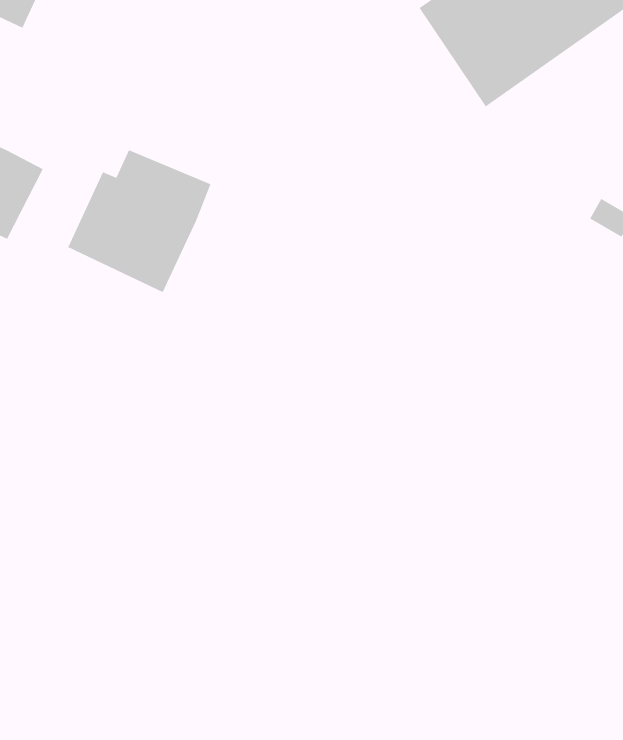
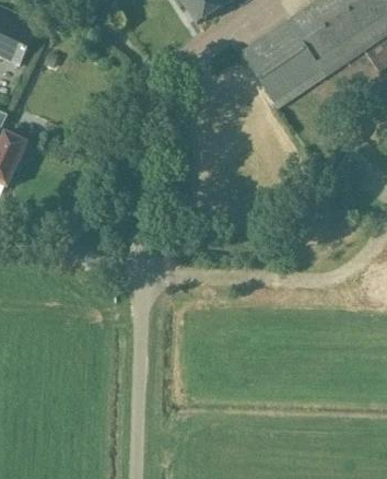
building: [67,149,211,293] -> none

